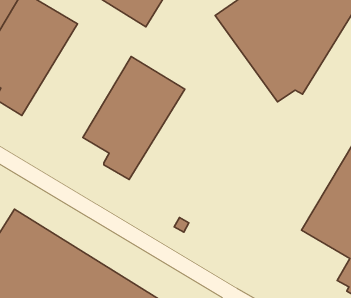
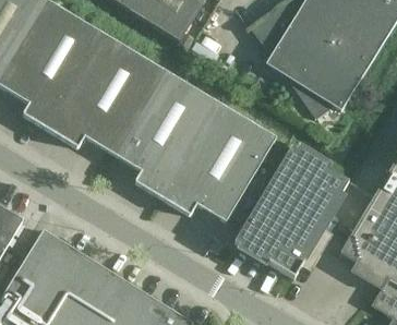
building: none -> [50,37,164,155]
building: none -> [161,105,276,222]
building: none -> [233,146,349,278]

